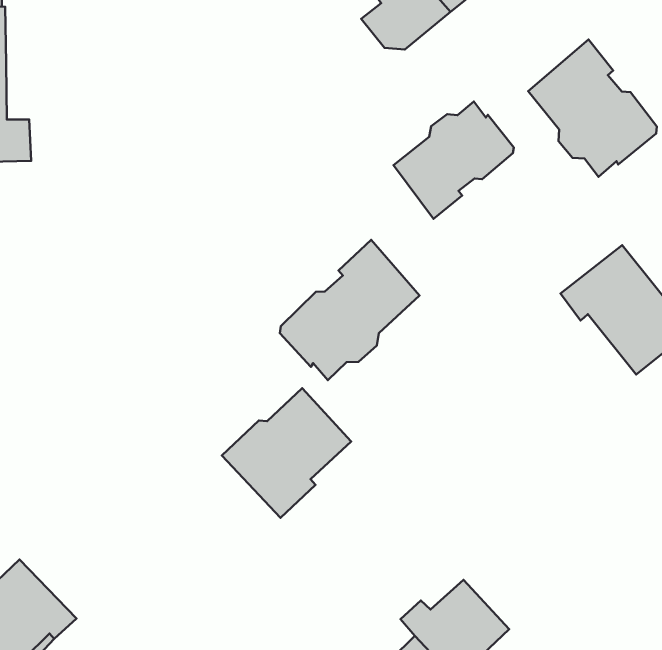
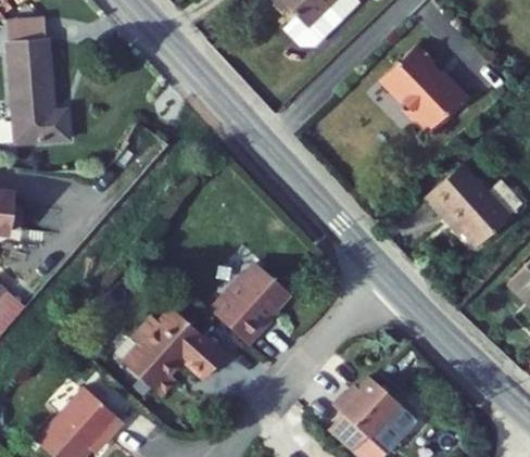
building: [393,101,514,219] -> none
building: [280,240,420,380] -> none
building: none -> [122,310,225,399]

